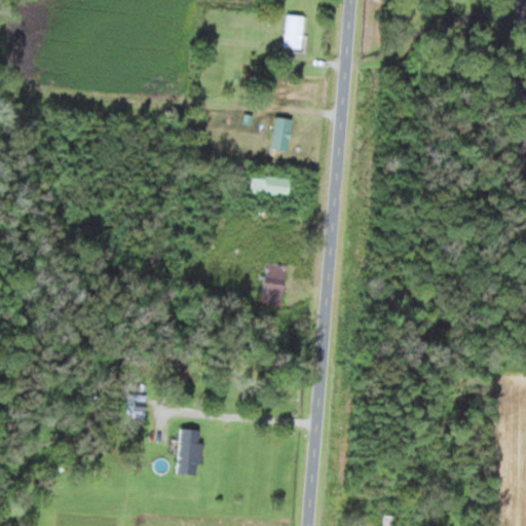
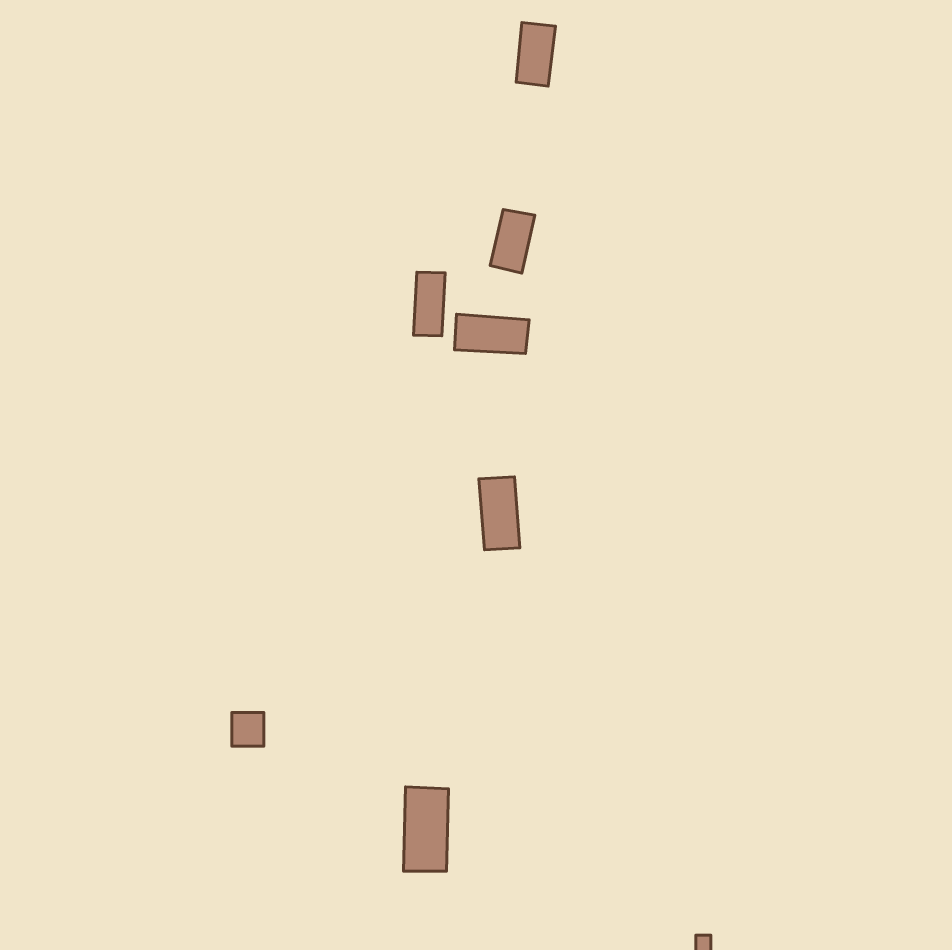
building: none -> [414,272,445,336]
building: [177,429,201,476] -> [404,787,448,871]

